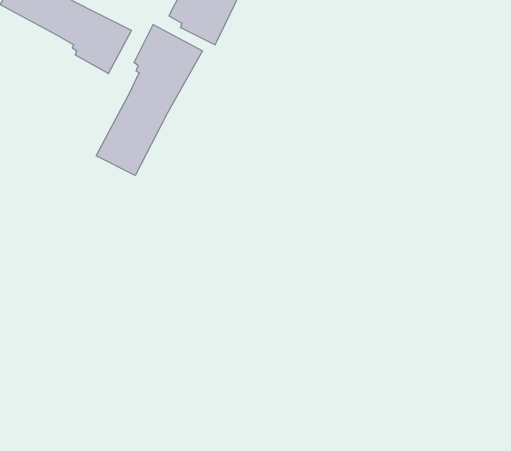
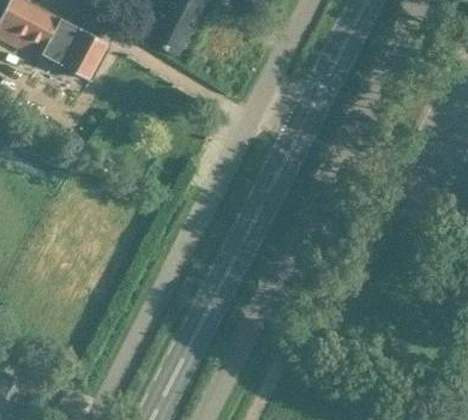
building: [96,25,203,175] -> none

